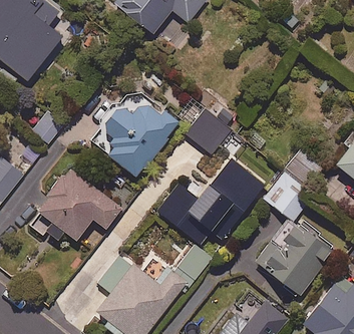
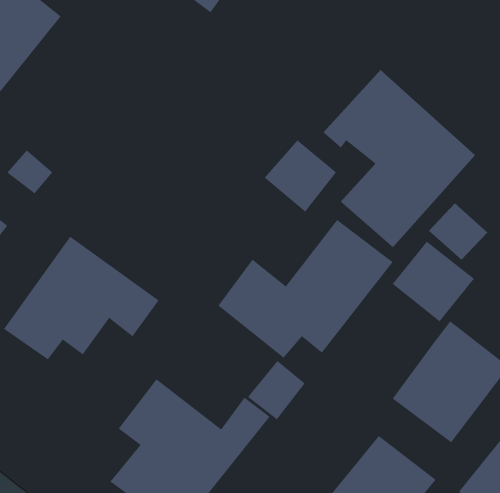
building: none -> [322,69,476,248]
building: [92,92,180,177] -> none

